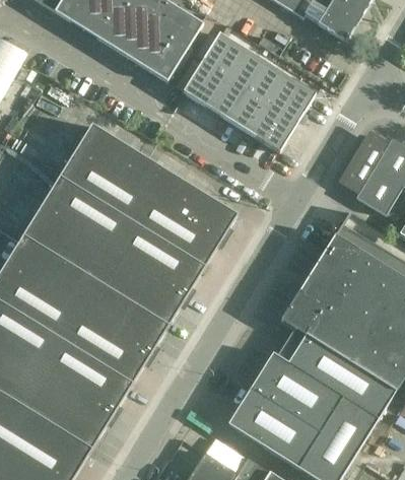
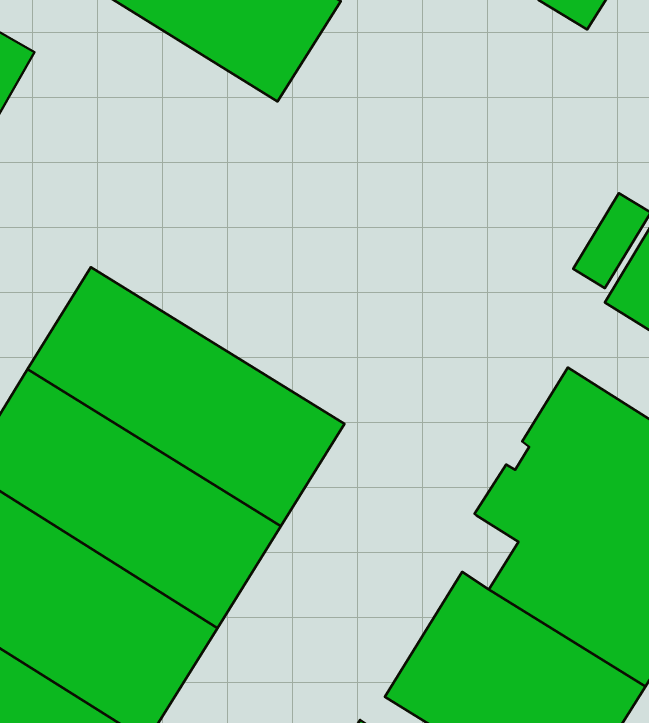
building: [183,32,315,150] -> none
building: [59,124,238,266] -> none

